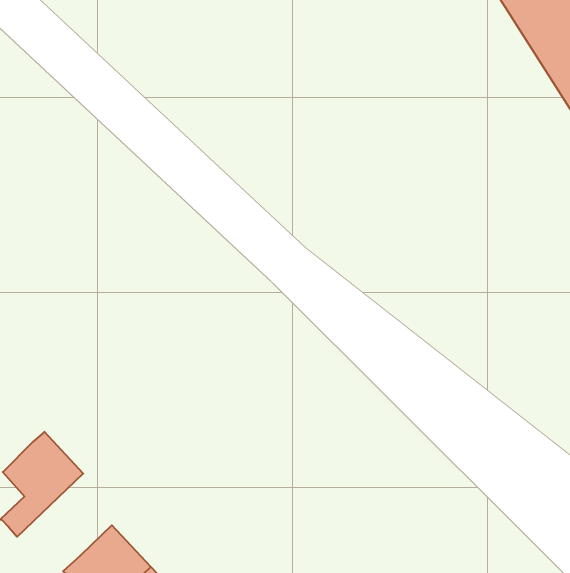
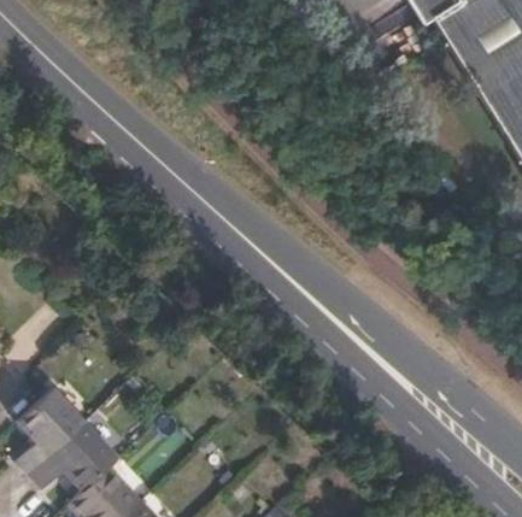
building: none -> [30,423,119,492]

